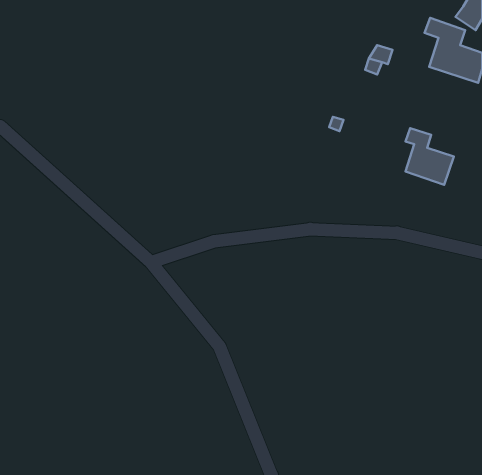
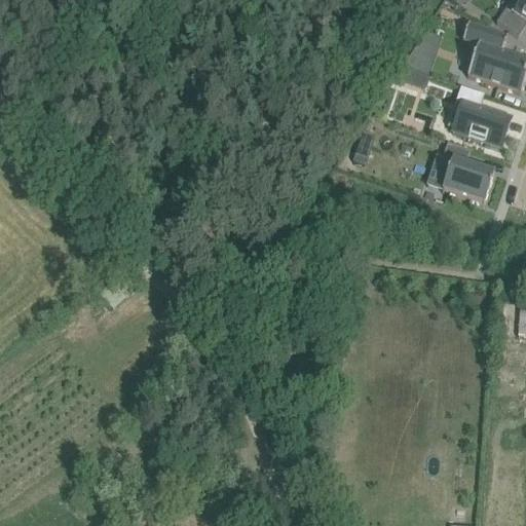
building: none -> [452,83,511,144]

